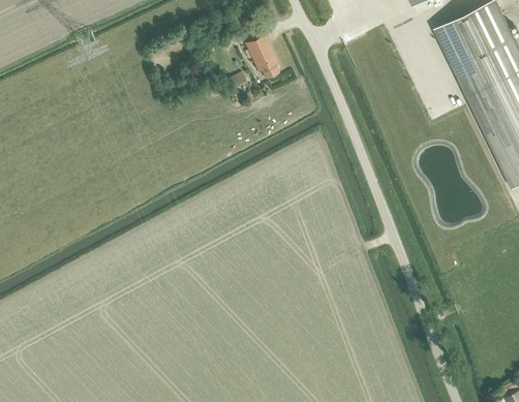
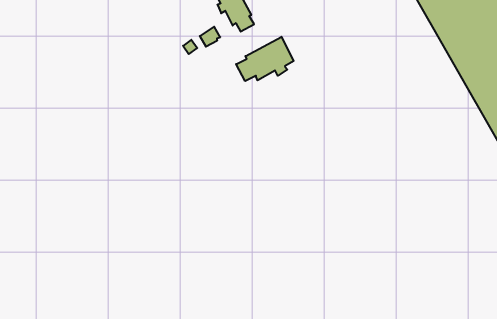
building: none -> [236,37,294,81]

